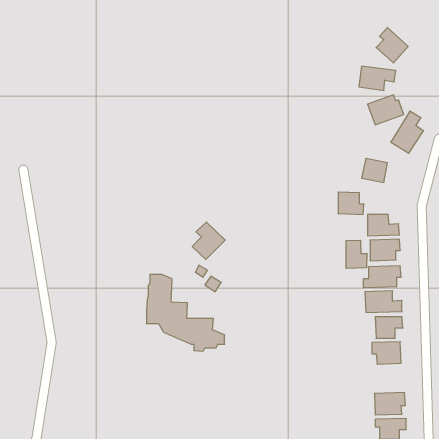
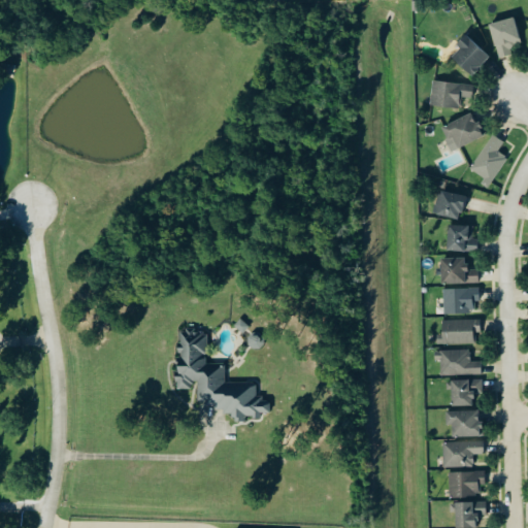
building: none -> [489,15,521,57]
building: [338,192,364,214] -> [447,224,477,251]
building: [192,222,225,259] -> none
building: [346,240,367,268] -> none
building: none -> [443,440,485,466]

